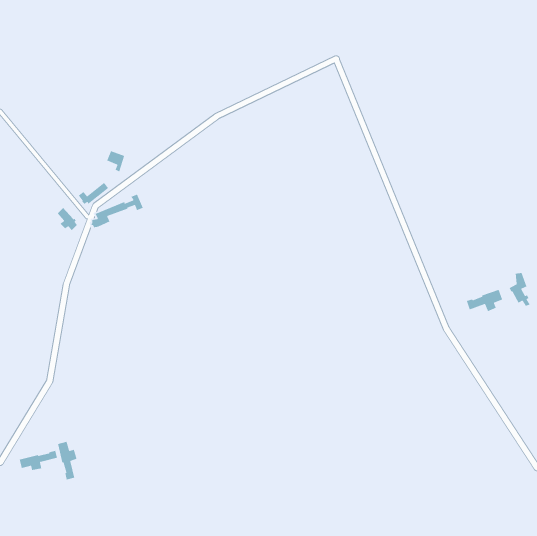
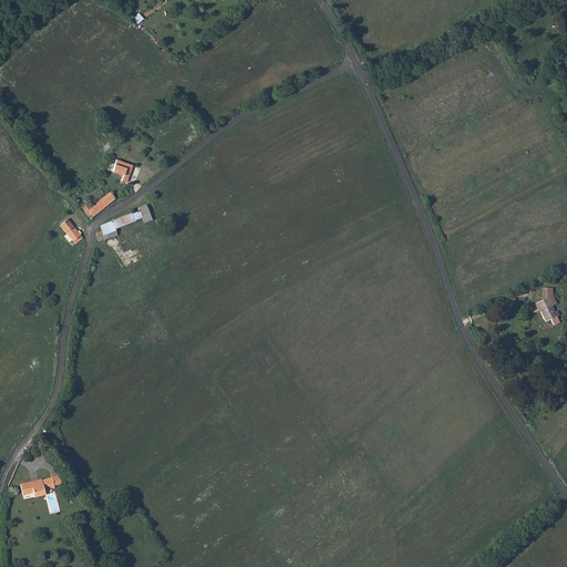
building: [466,289,503,312] -> none
building: [57,441,78,481] -> none

